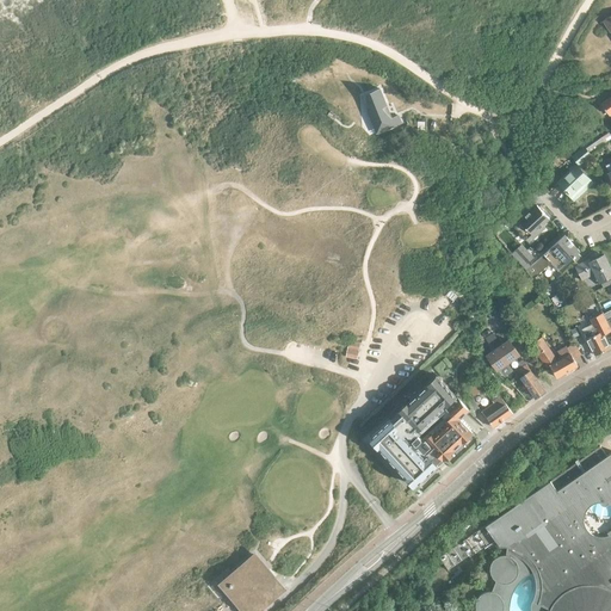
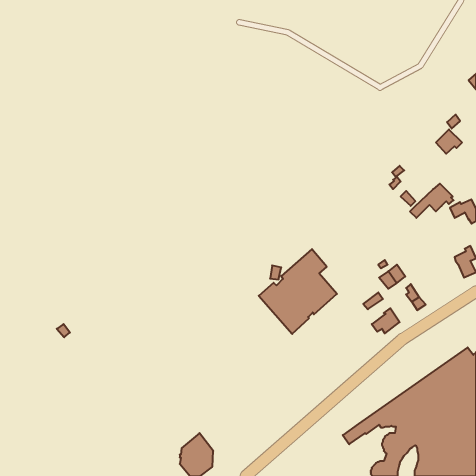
building: [368,88,401,131] -> none
building: [516,205,549,239] -> none
building: [531,337,582,377] -> none
building: [372,382,473,490] -> [259,249,337,334]

